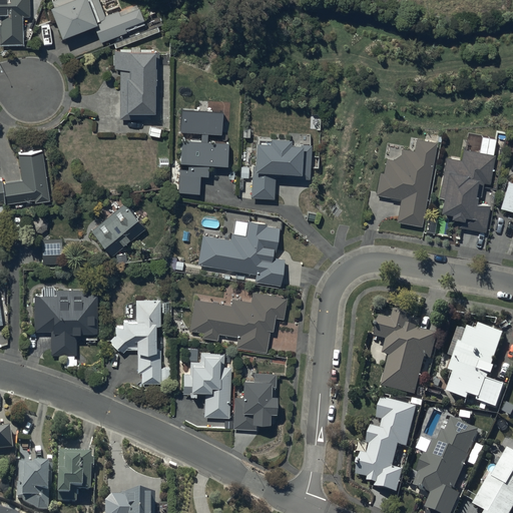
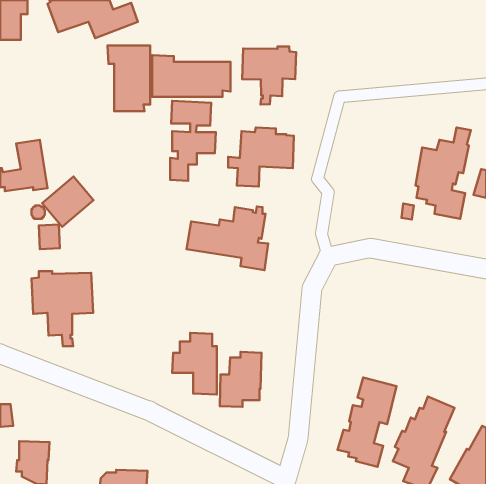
building: none -> [242,47,296,104]
building: none -> [152,55,230,97]
building: [376,135,438,226] -> none
building: [91,203,145,256] -> [42,176,93,227]
building: [189,292,286,352] -> none
building: [109,300,161,385] -> none
building: [375,312,439,398] -> none
building: [447,327,504,413] -> none
building: [58,455,94,504] -> none

